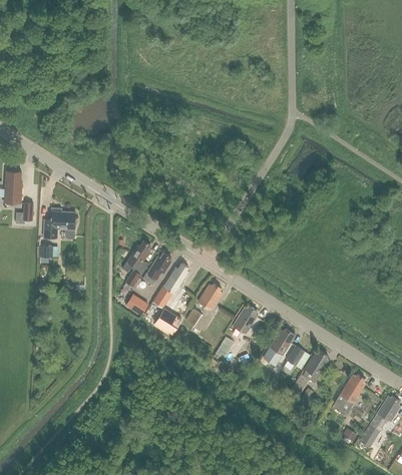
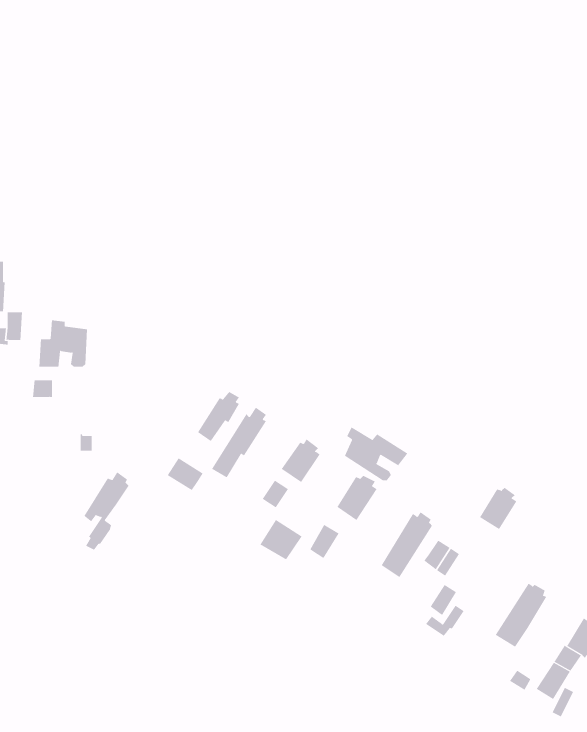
building: [121,241,150,291] -> [83,471,129,551]
building: none -> [344,426,408,481]
building: [153,308,180,334] -> [260,519,302,560]
building: [304,351,328,378] -> [479,487,517,530]

